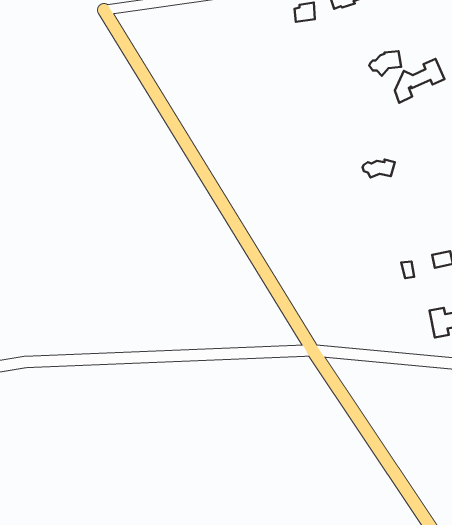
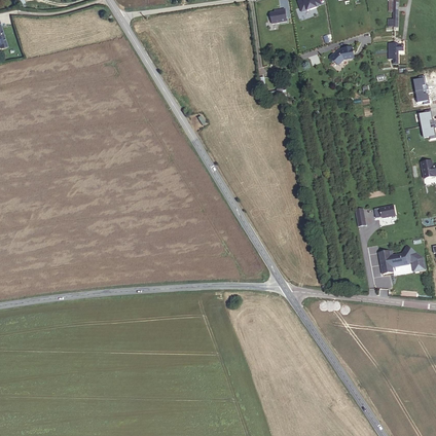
building: [395,59,444,103] -> none

